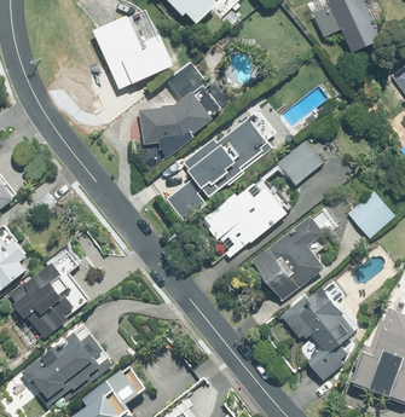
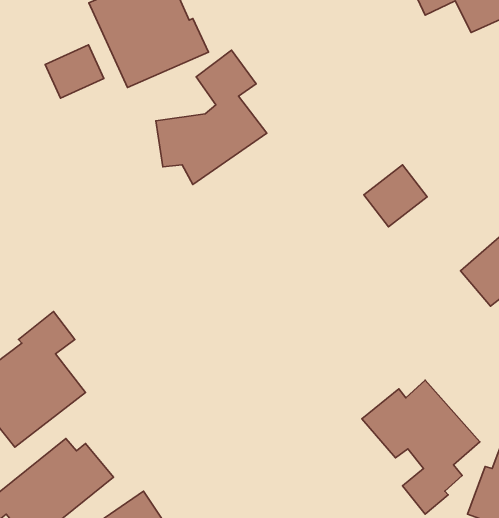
building: none -> [45,45,104,98]
building: [166,117,272,222] -> none
building: [199,181,291,257] -> none
building: [249,215,324,301] -> none

